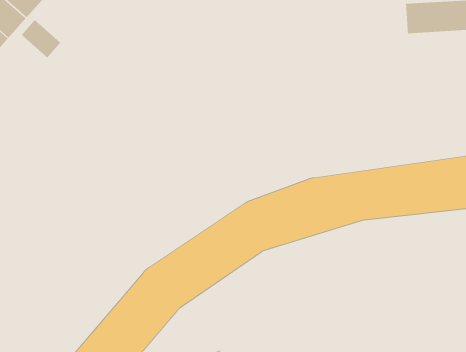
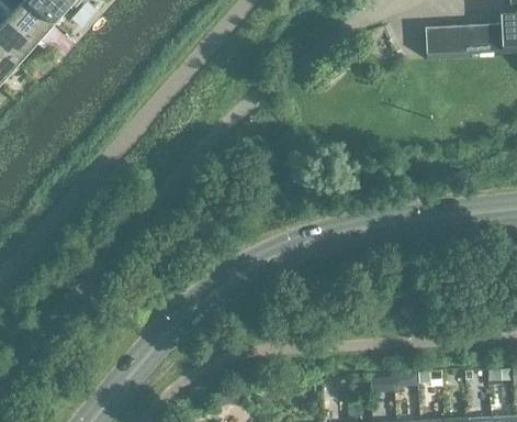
building: [21,19,61,58] -> none

